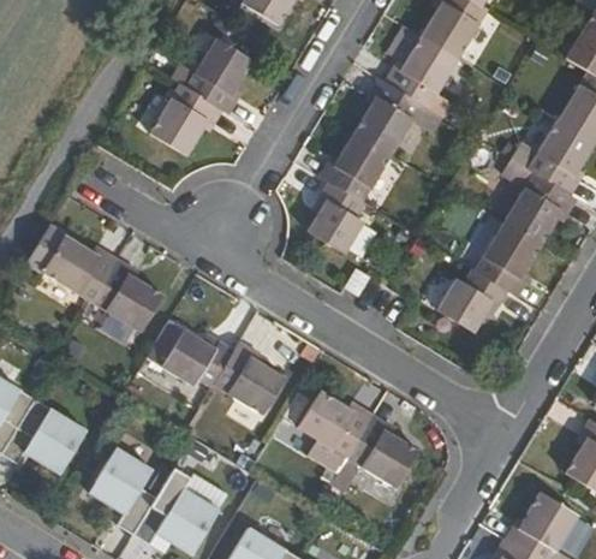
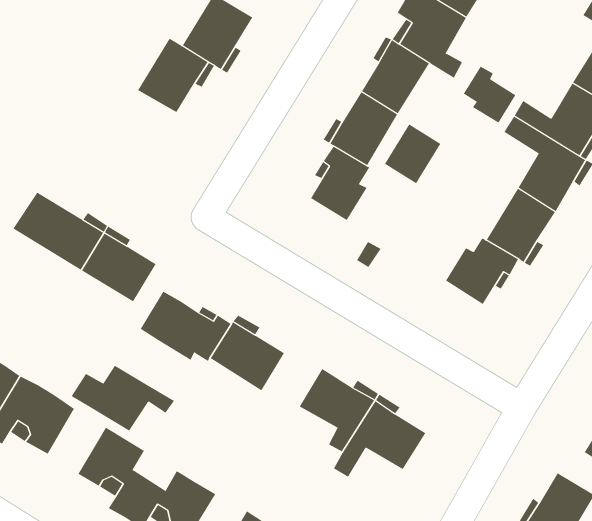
building: none -> [463,66,516,124]
building: none -> [384,124,441,184]
building: none -> [71,365,175,431]

